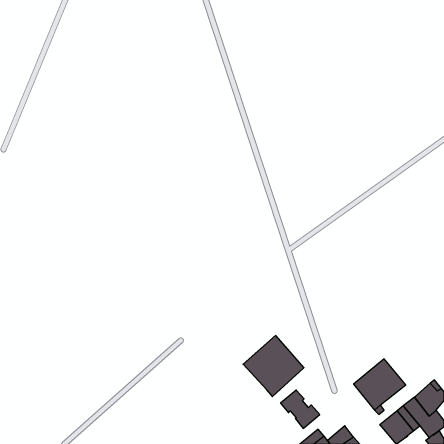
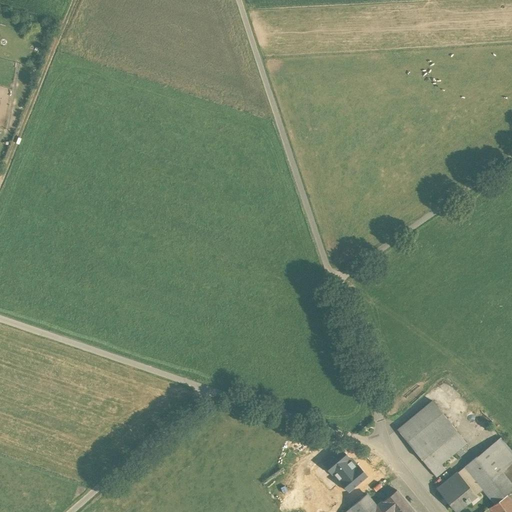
building: [243,336,304,397] -> none
building: none -> [396,401,442,442]

